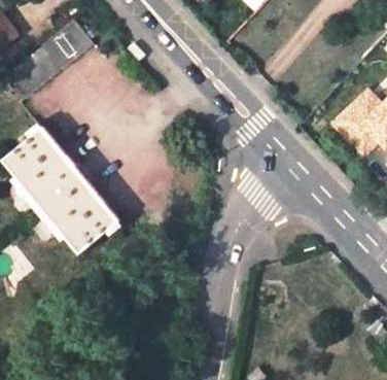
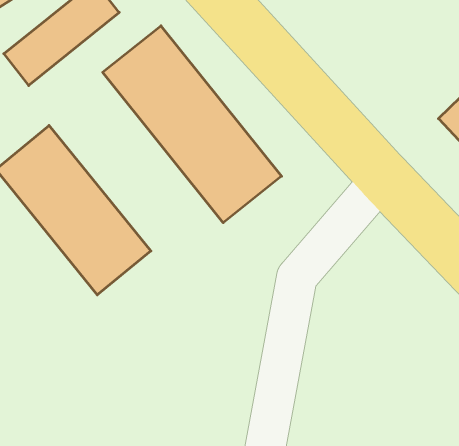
building: none -> [103,26,282,223]

